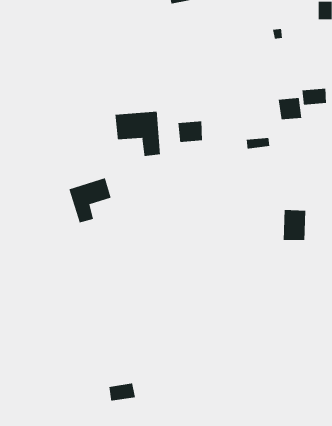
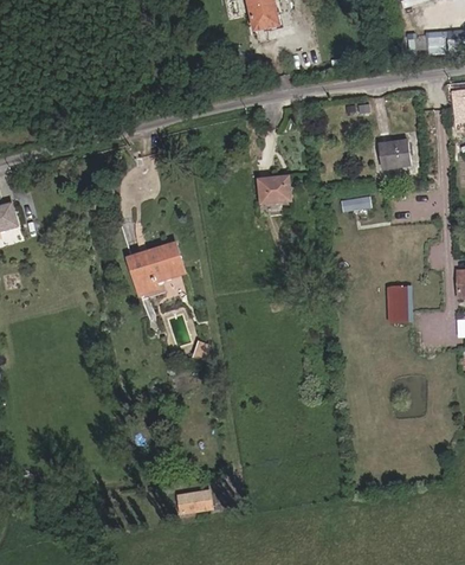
building: [302,88,327,106] -> none
building: [115,111,161,157] -> none

